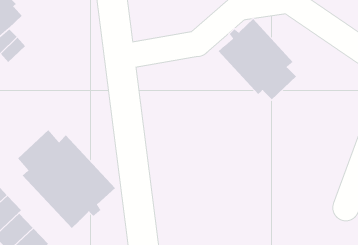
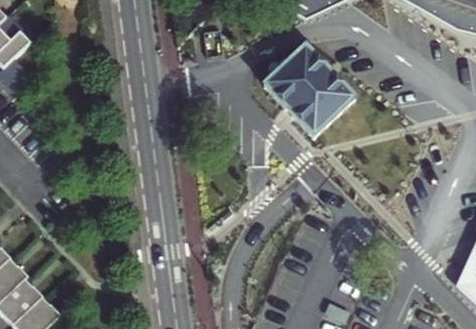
building: [17,129,116,229] -> none

